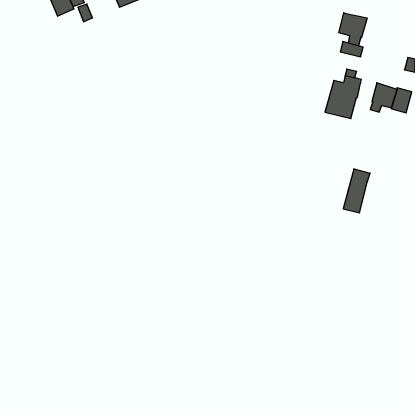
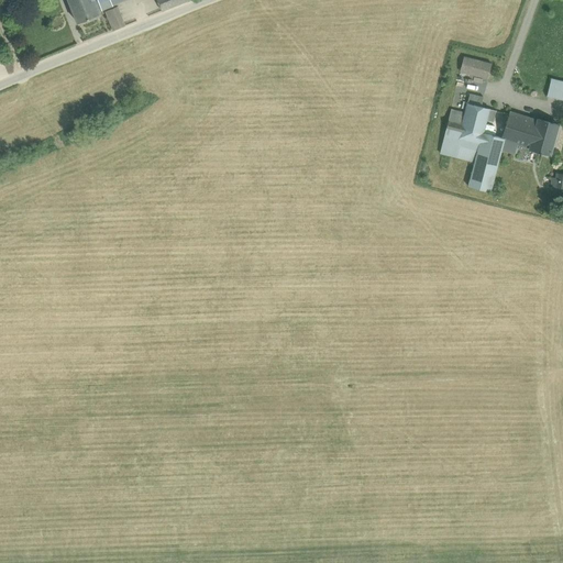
building: [339,13,367,46] -> none
building: [343,169,370,213] -> [468,132,505,191]

